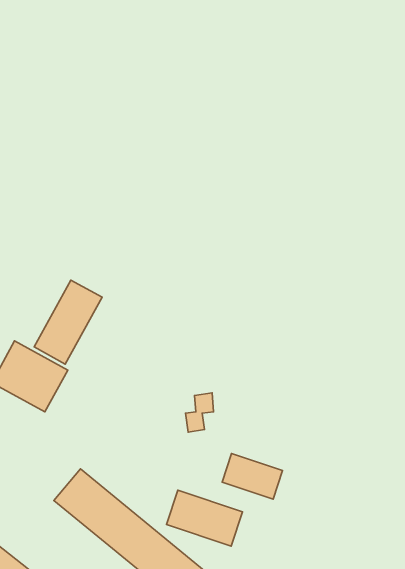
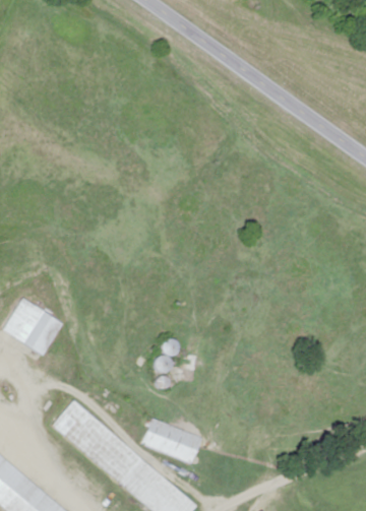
building: [34,280,102,364] -> none
building: [222,454,283,499] -> none

